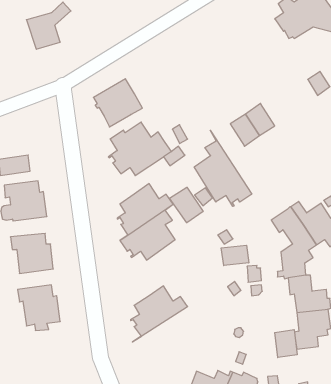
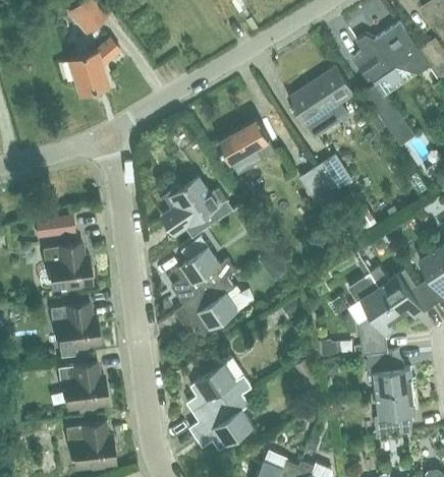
building: none -> [288,67,353,136]
building: [93,79,142,127] -> [219,119,275,174]
building: [194,130,252,206] -> none
building: [170,187,203,223] -> none
building: [221,245,249,266] -> none
building: none -> [188,386,253,450]
building: [275,330,297,358] -> none
building: none -> [64,422,113,468]

